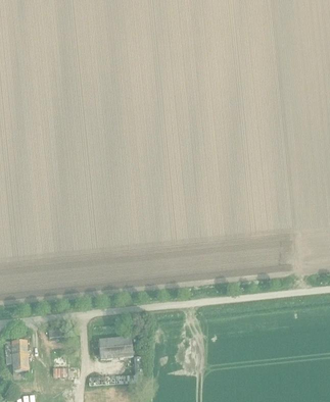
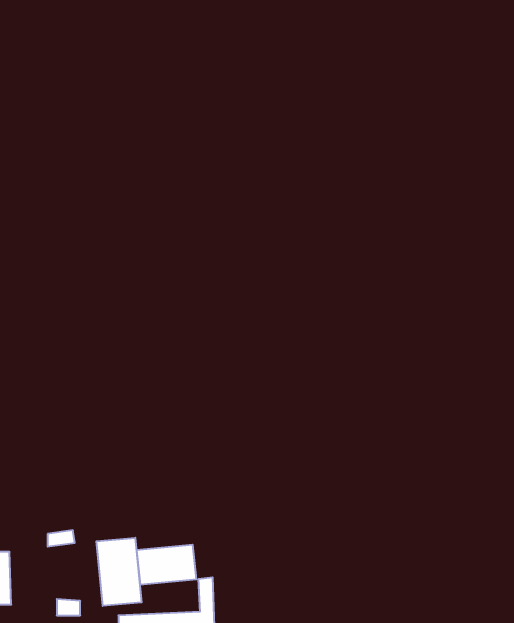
building: none -> [96,538,142,606]

